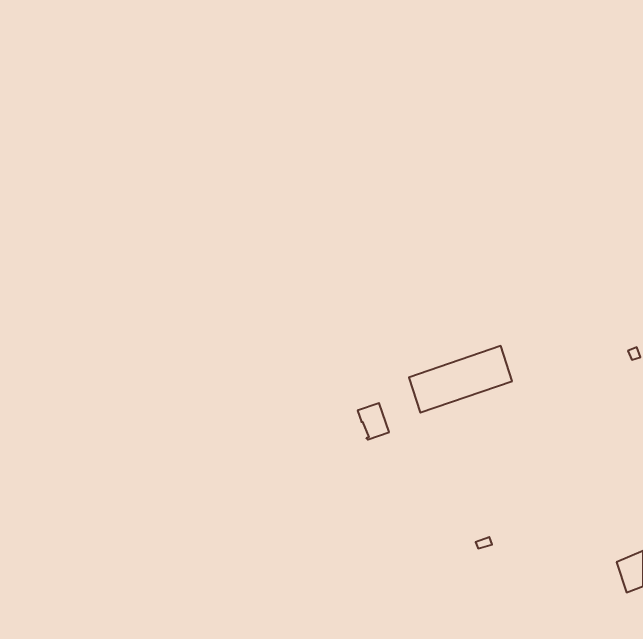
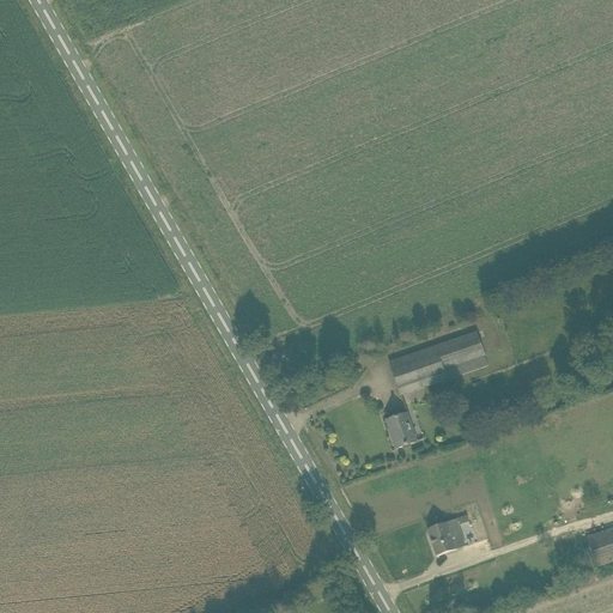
building: [358,403,389,440] -> [387,411,417,445]
building: none -> [427,518,465,553]

